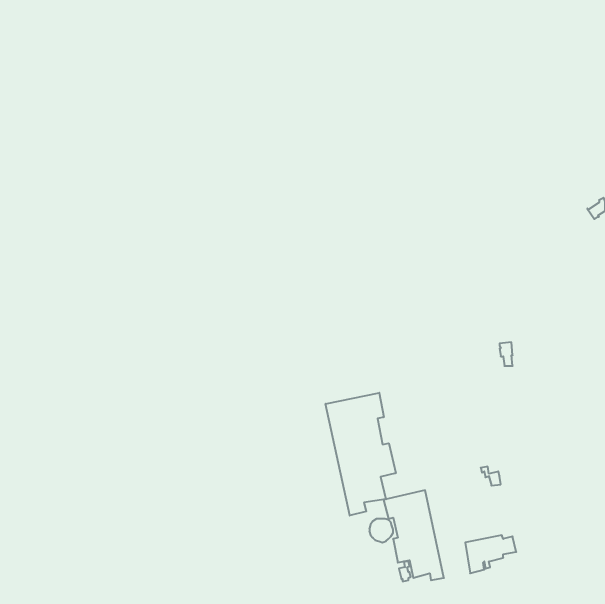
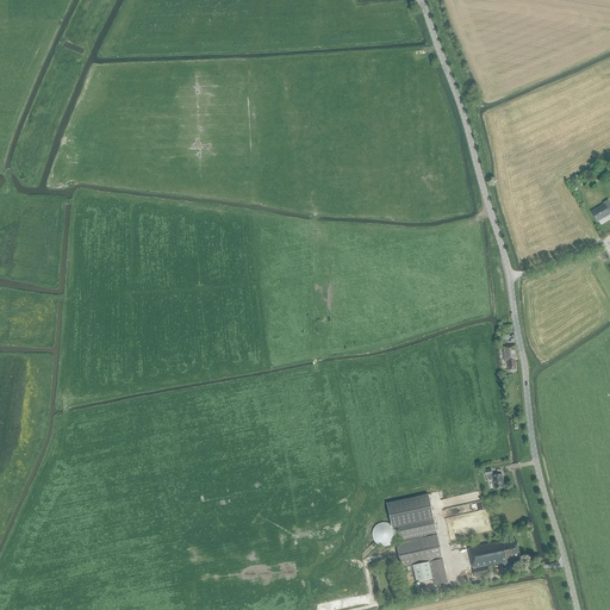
building: [326,393,396,516] -> none

